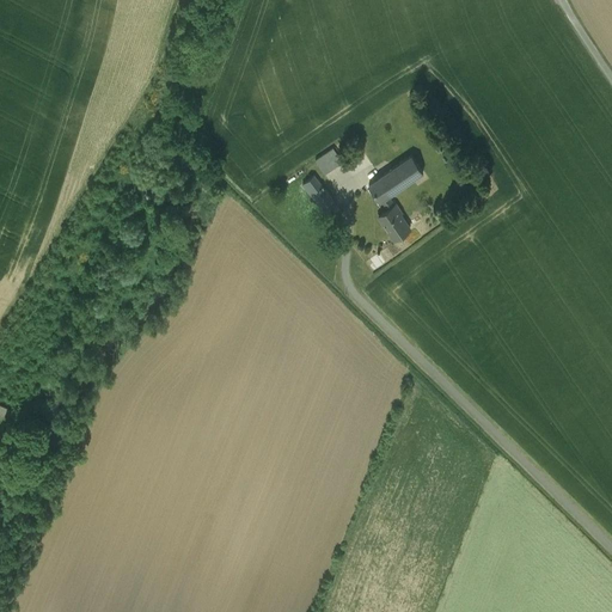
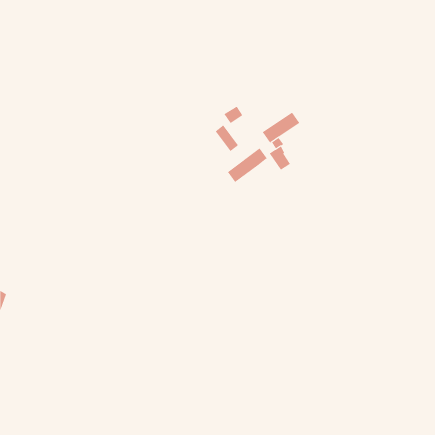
building: none -> [227,148,267,183]

